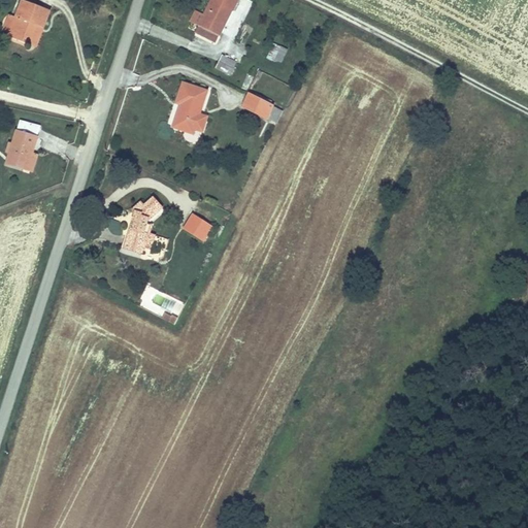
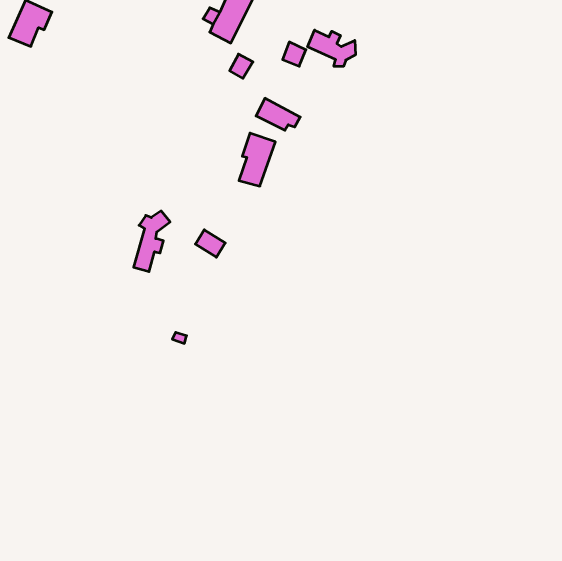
building: none -> [308,30,355,66]
building: [173,82,207,132] -> [239,133,275,186]
building: [5,122,40,170] -> none

